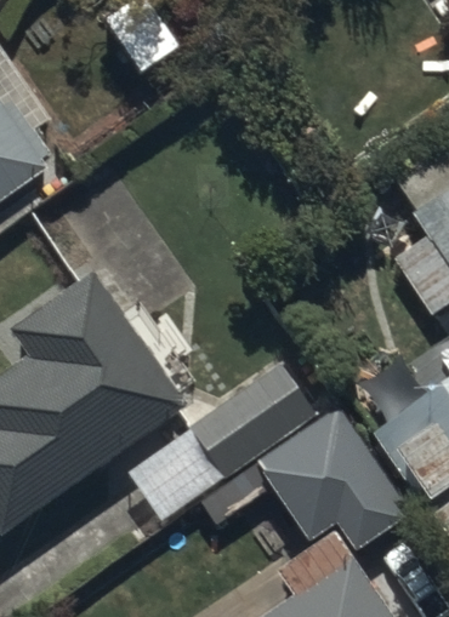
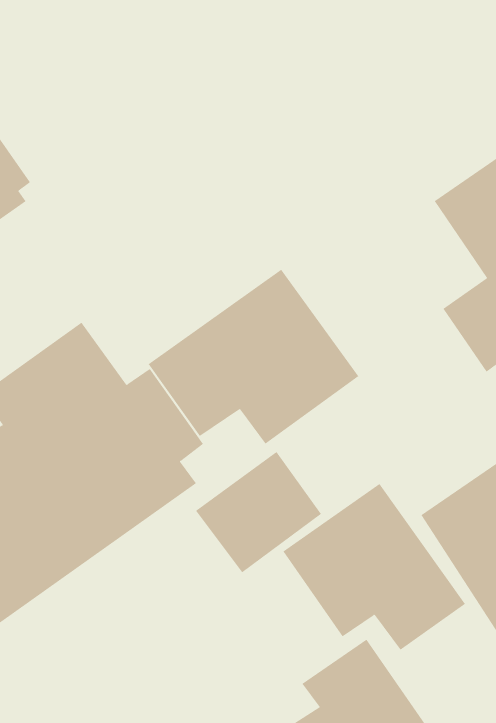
building: none -> [148,269,359,445]

